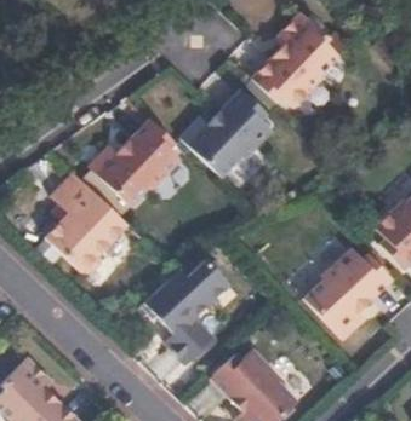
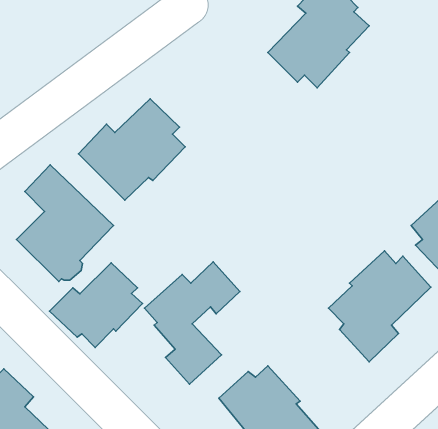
building: [182,90,274,175] -> none
building: none -> [50,263,142,348]

